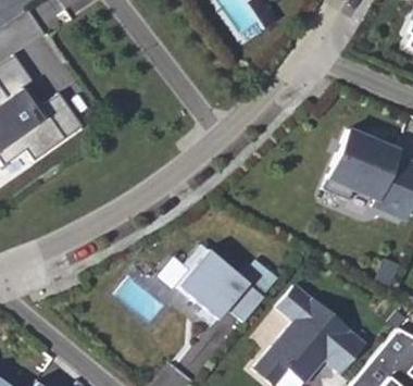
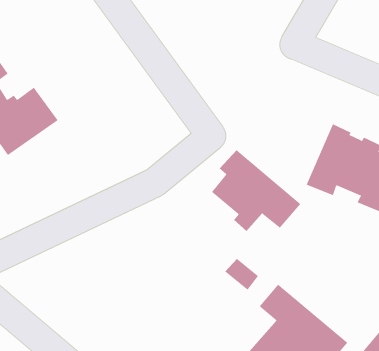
building: [177,244,265,324] -> [211,150,301,232]

